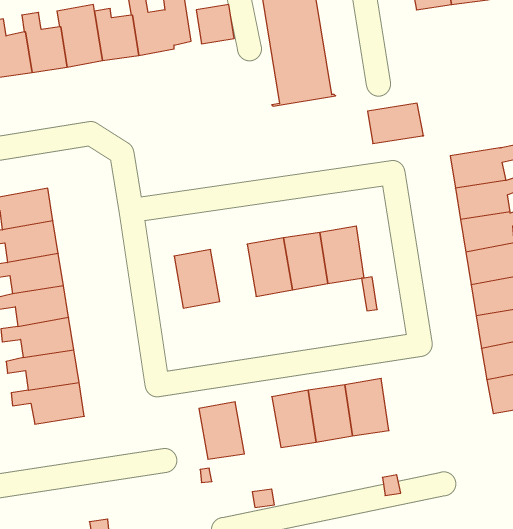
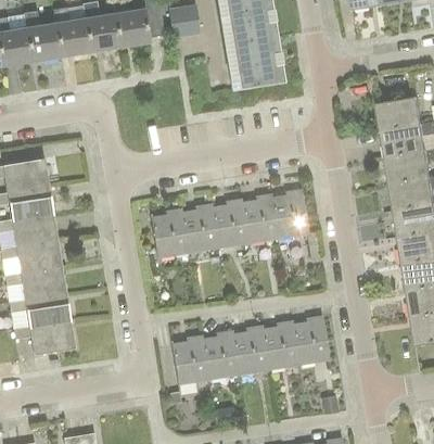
building: [368,103,424,144] -> [375,97,422,130]
building: none -> [180,204,218,252]
building: none -> [201,331,239,379]

